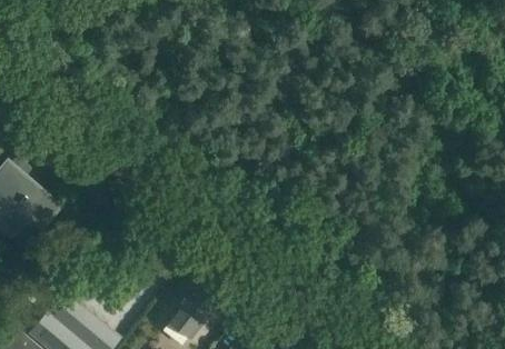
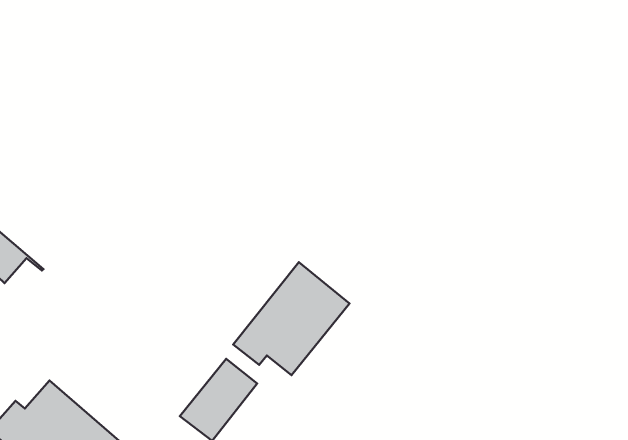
building: none -> [233,262,349,375]

